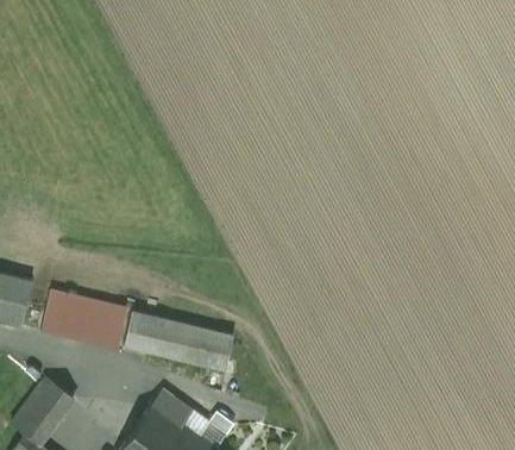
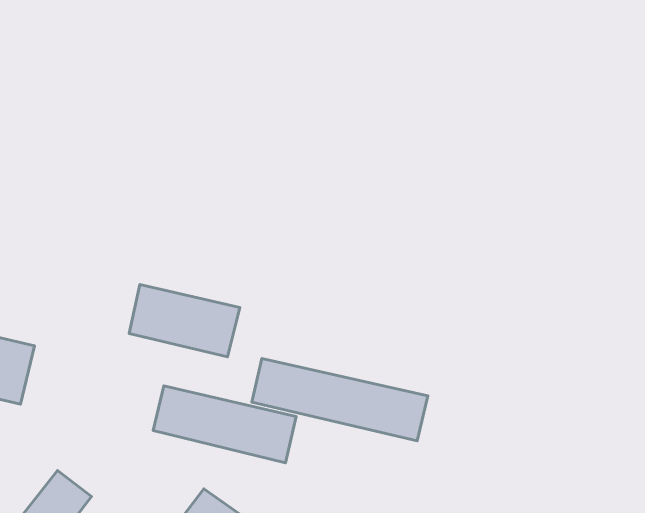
building: none -> [252,358,428,441]
building: [42,293,127,349] -> [129,284,240,357]

